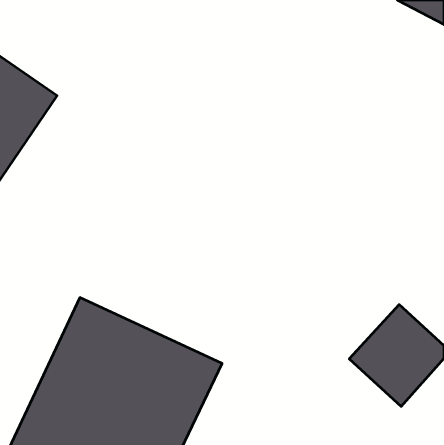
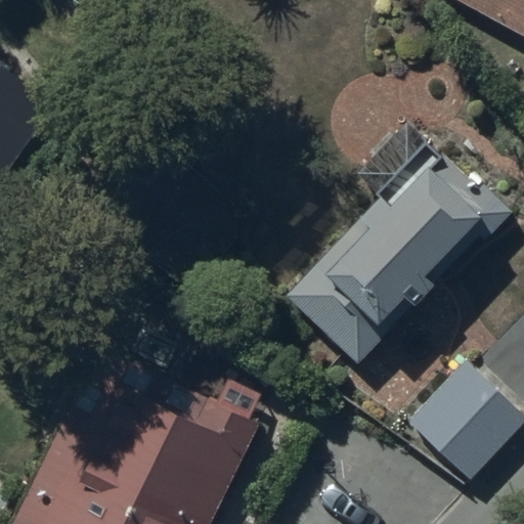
building: none -> [285,158,506,361]

